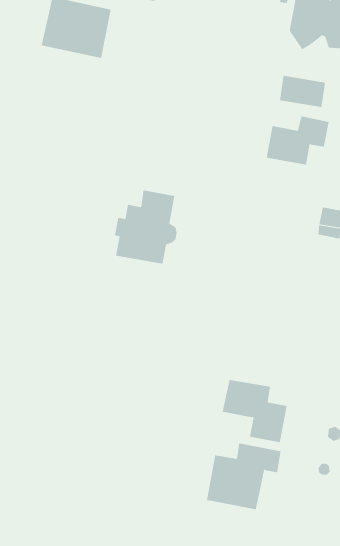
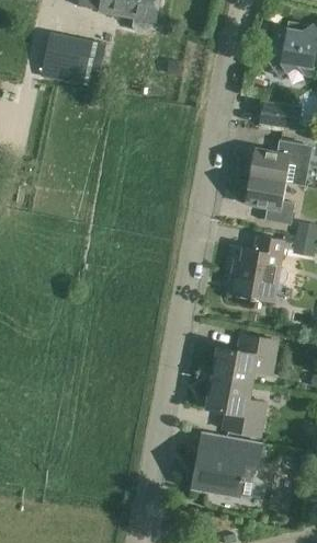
building: none -> [242,176,293,224]
building: [114,190,178,264] -> [229,234,287,302]
building: none -> [213,334,278,385]

